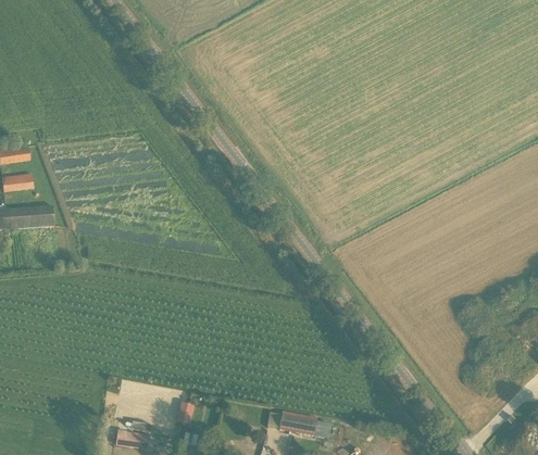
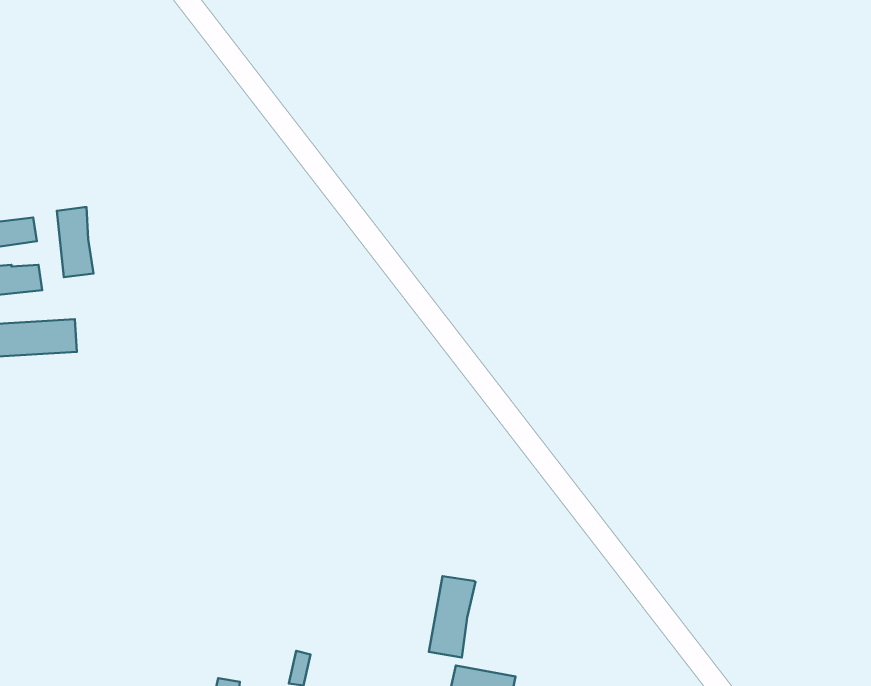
building: none -> [57,207,94,277]
building: none -> [429,576,476,657]

